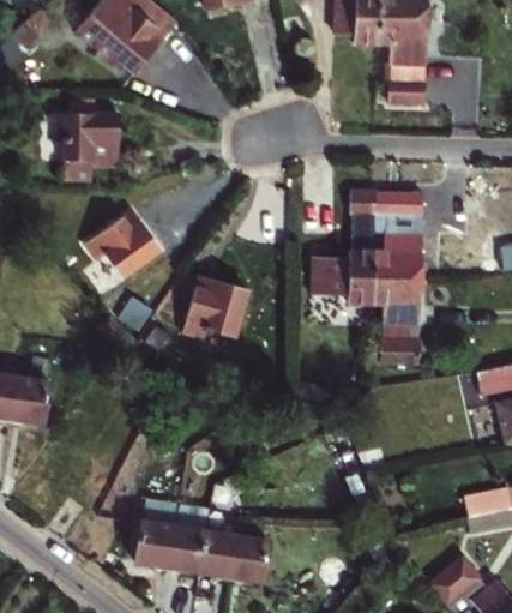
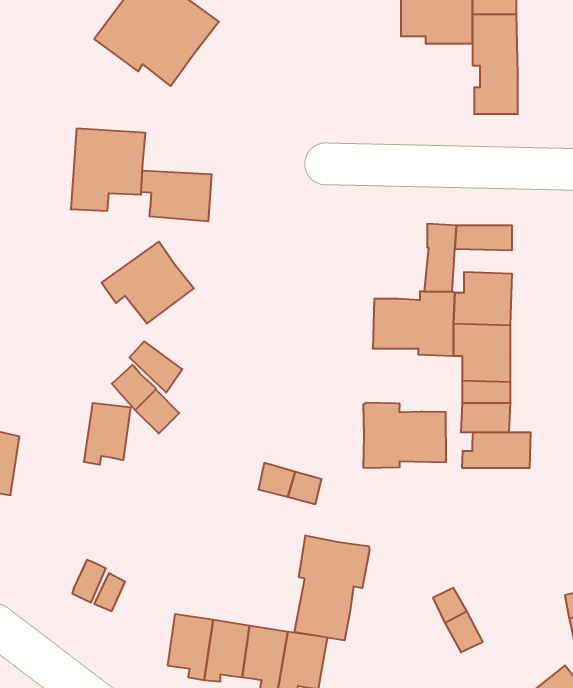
building: none -> [141,170,211,221]
building: [182,276,243,336] -> none
building: none -> [364,403,446,468]
building: none -> [462,432,531,468]
building: [11,367,49,417] -> [84,403,131,465]
building: none -> [294,535,369,640]

